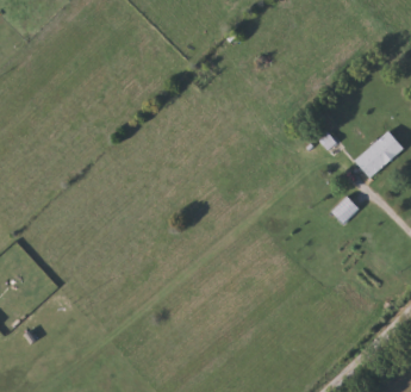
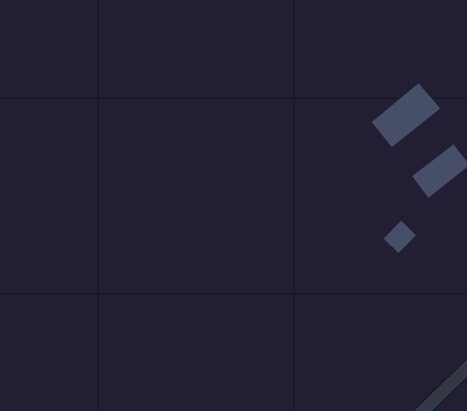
building: none -> [371,82,441,148]

